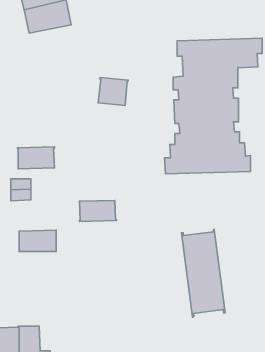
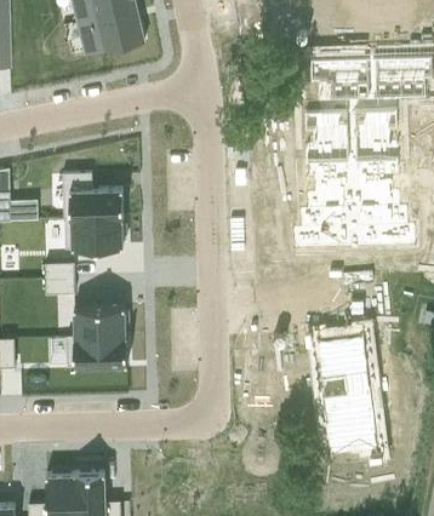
building: [98,78,128,105] -> none
building: none -> [69,187,122,217]
building: [79,200,116,221] -> [72,306,125,337]

